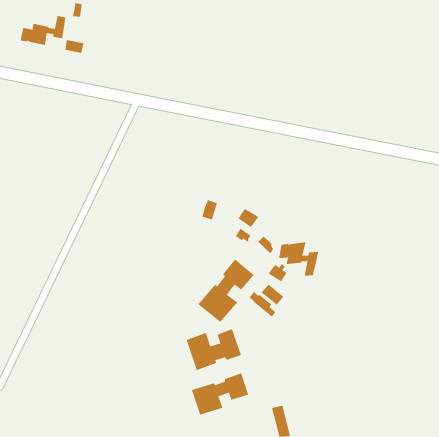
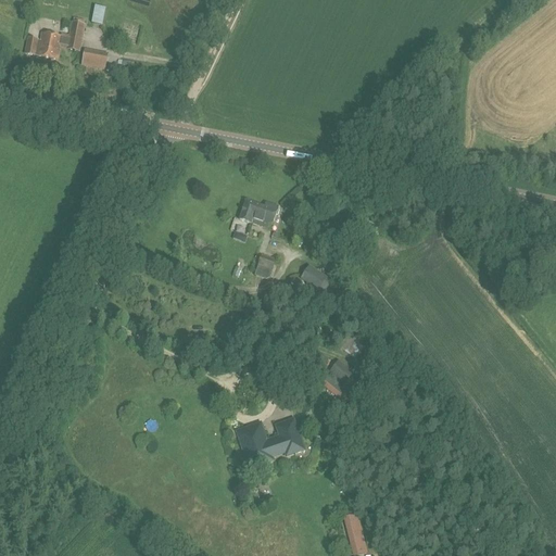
building: none -> [239,199,278,226]
building: [278,242,319,276] -> none
building: [198,258,255,323] -> none
building: [191,373,249,415] -> none

